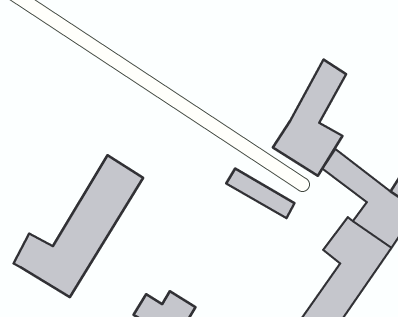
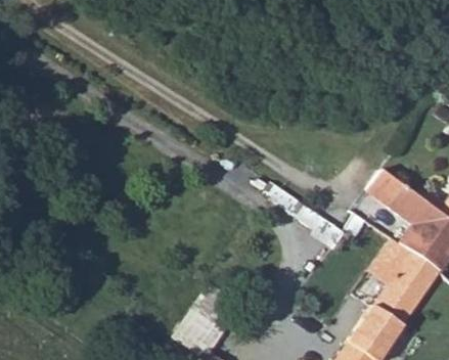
building: [273,60,346,176] -> none
building: [14,155,143,297] -> none

